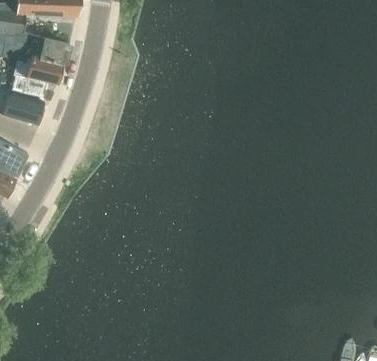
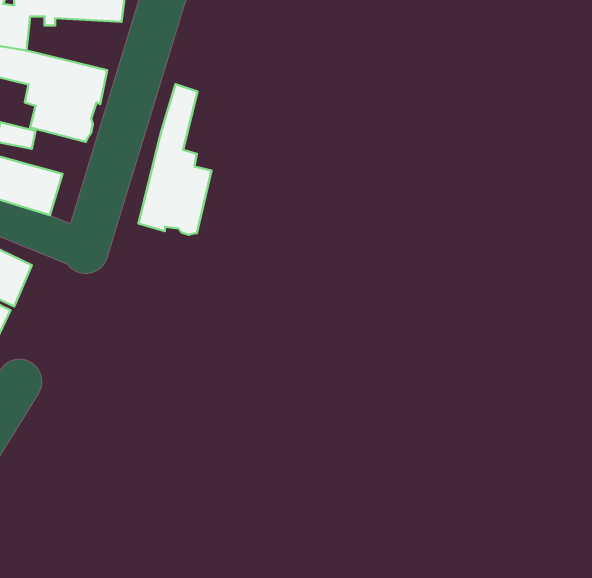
building: none -> [139,84,212,235]

